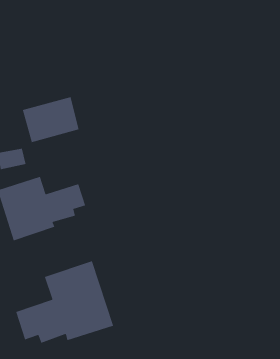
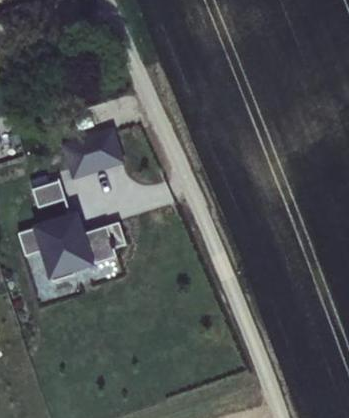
building: [15,260,114,344] -> none

